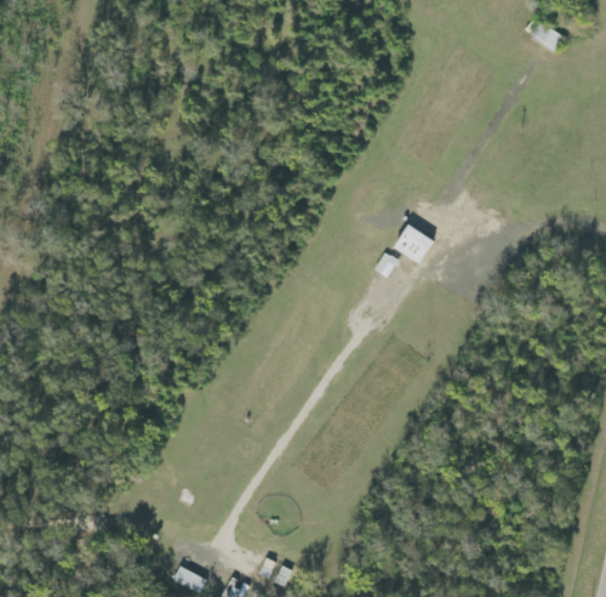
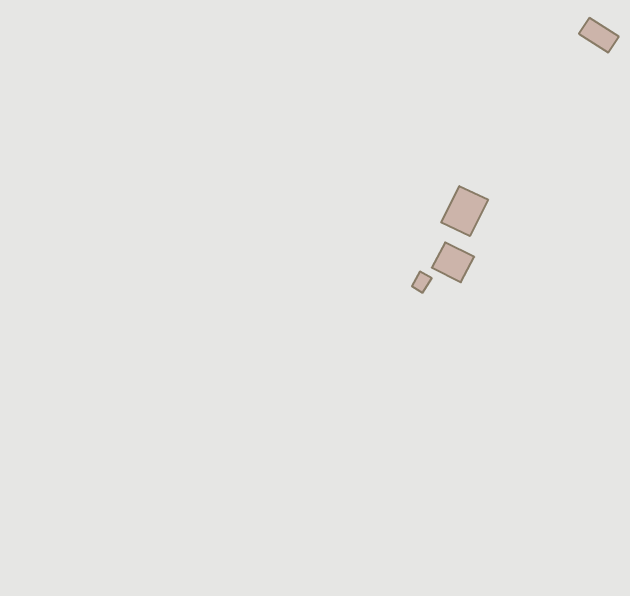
building: none -> [441,186,488,236]

